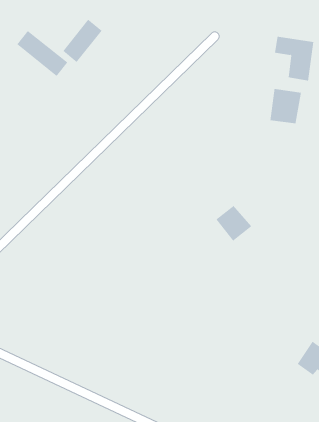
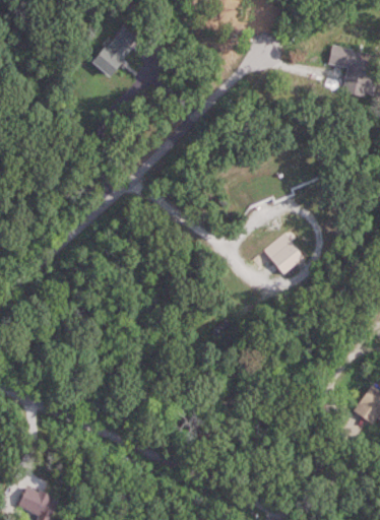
building: [17,30,68,77] -> none
building: [270,88,301,124] -> none

